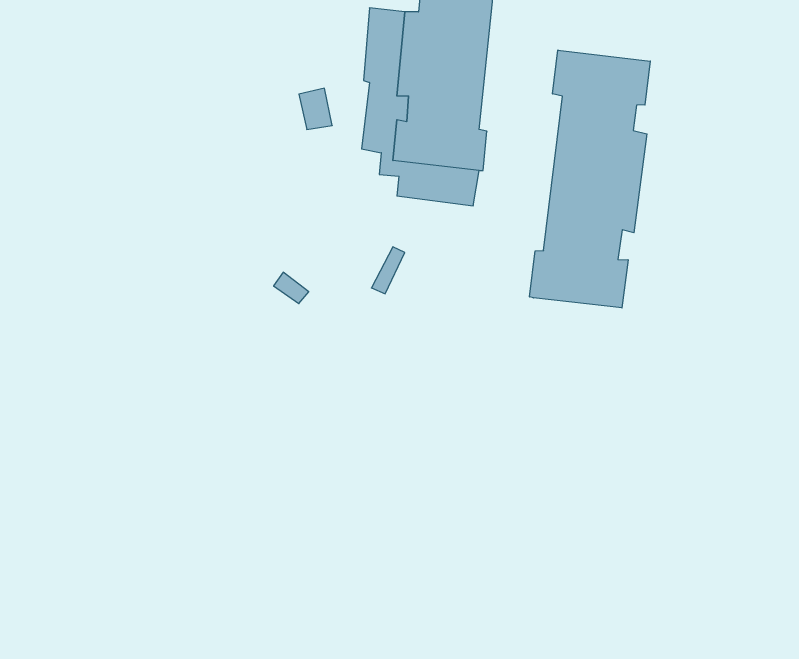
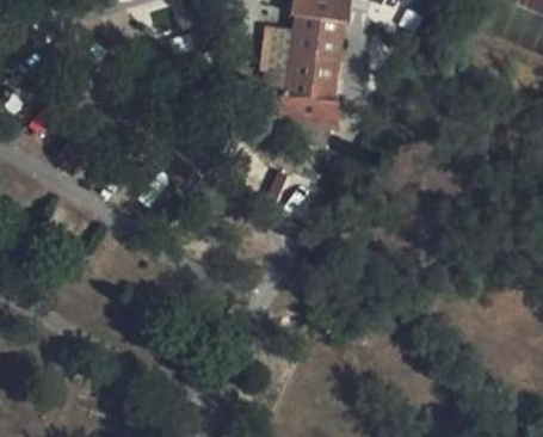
building: [530,50,650,308] -> none

